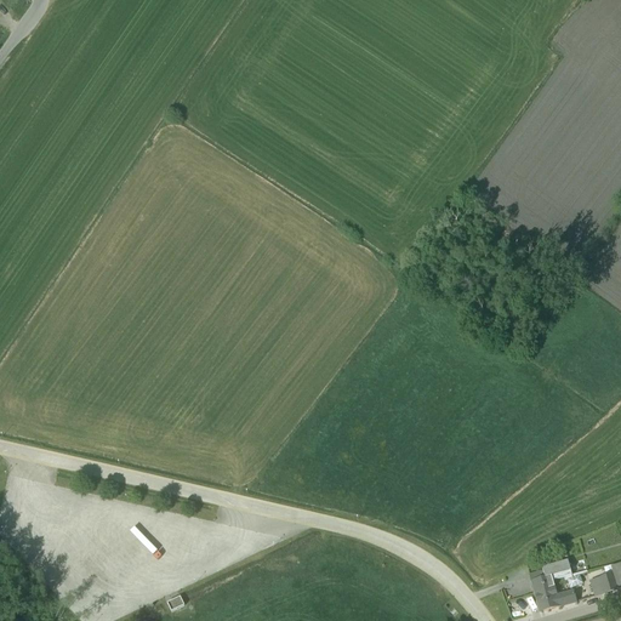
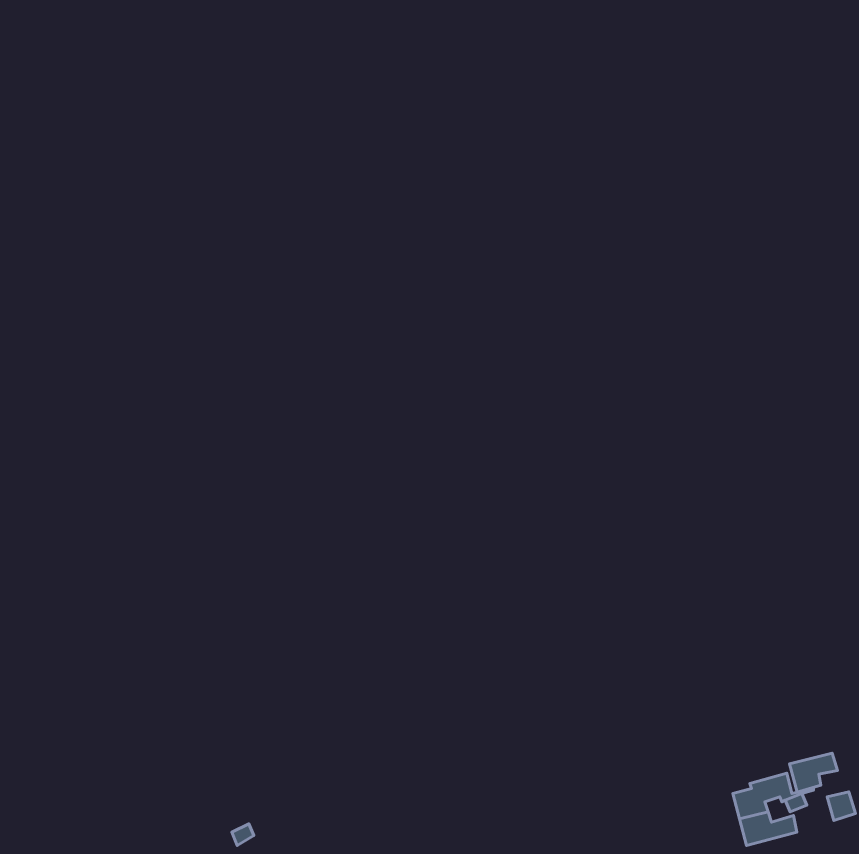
building: none -> [789,753,838,792]

